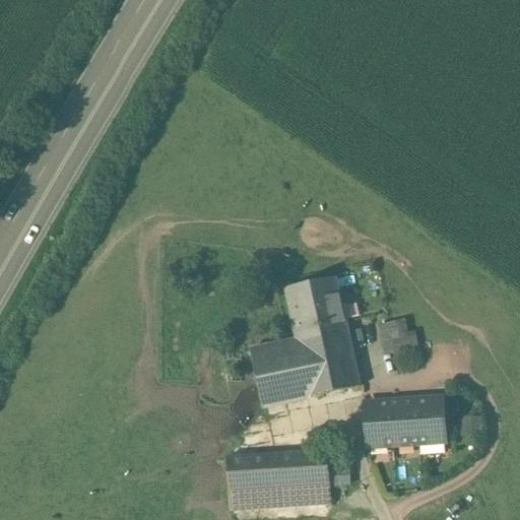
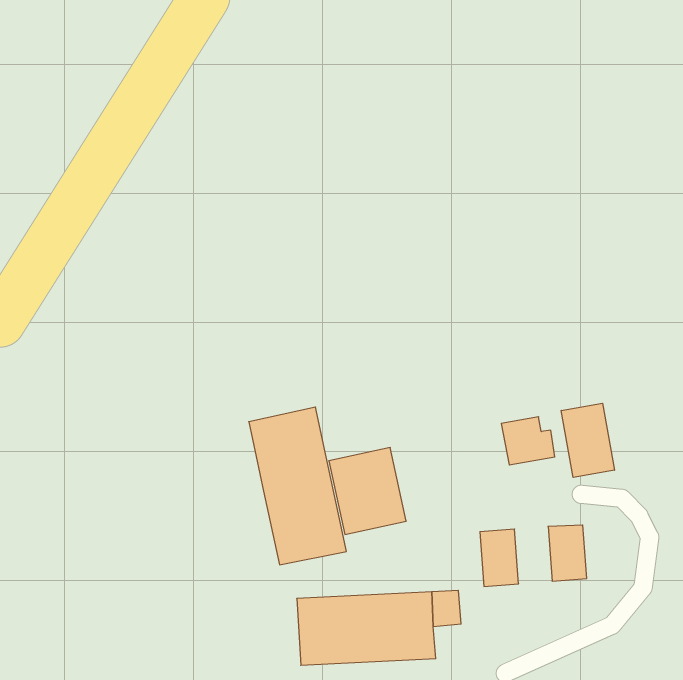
building: [285,276,360,396] -> [249,407,346,565]
building: none -> [561,403,614,477]
building: [391,400,419,444] -> none

